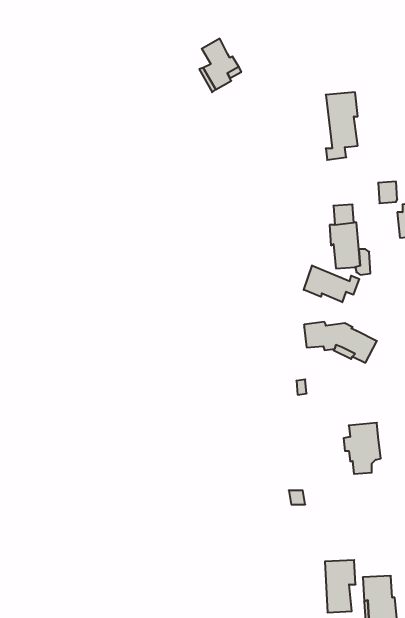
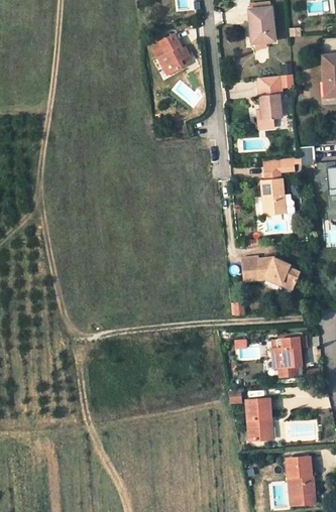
building: none -> [250,7,274,43]
building: [304,265,359,302] -> none
building: [325,560,356,612] -> [247,399,271,440]

